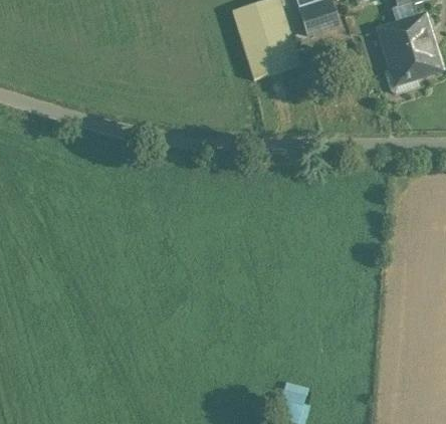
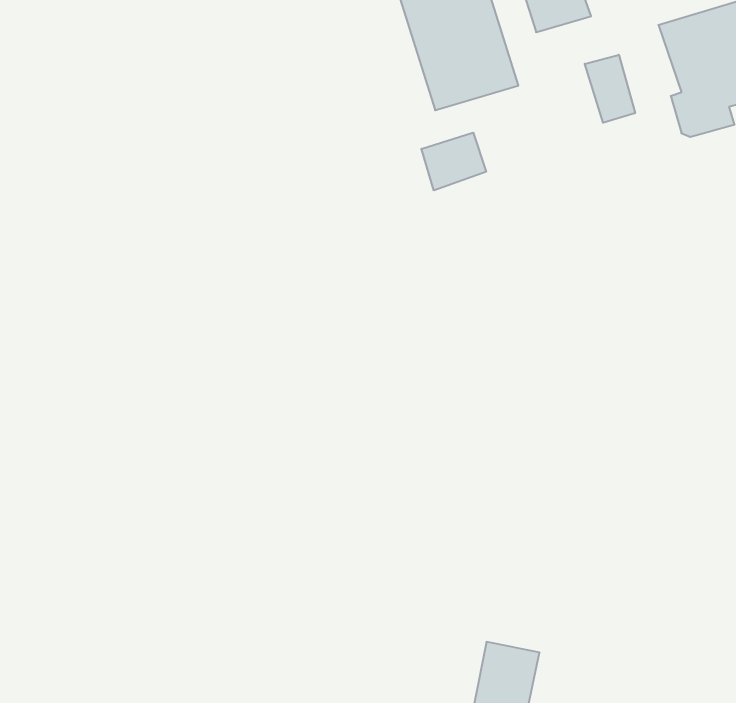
building: none -> [585,55,635,123]
building: none -> [421,133,486,190]

